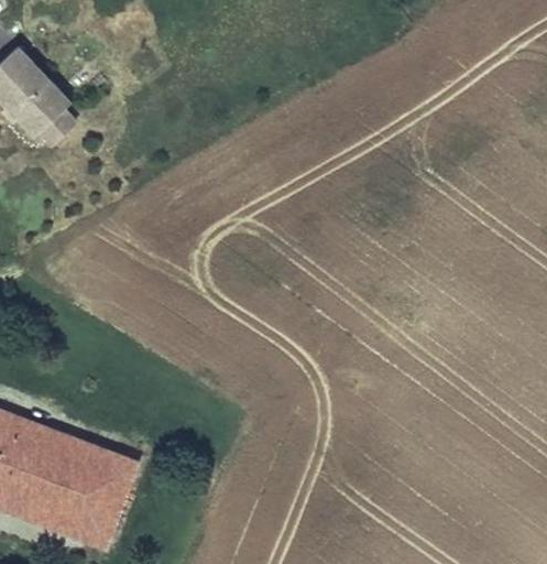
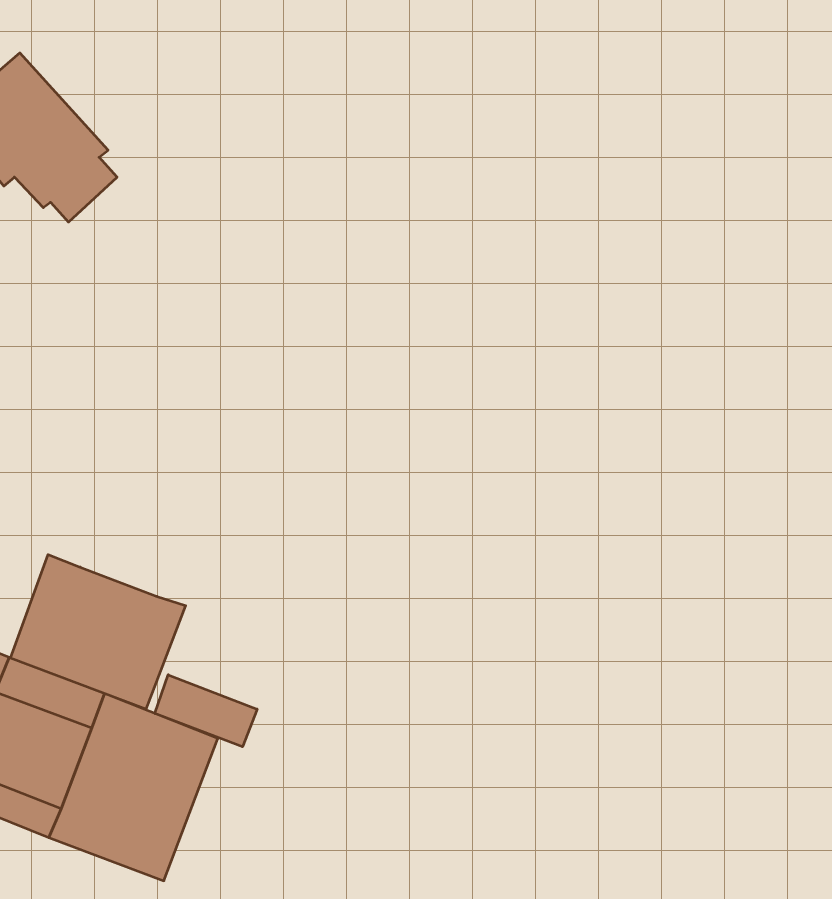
building: none -> [11,555,186,709]
building: none -> [155,675,257,747]

